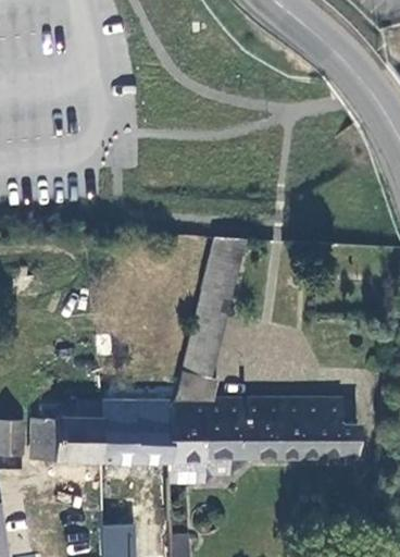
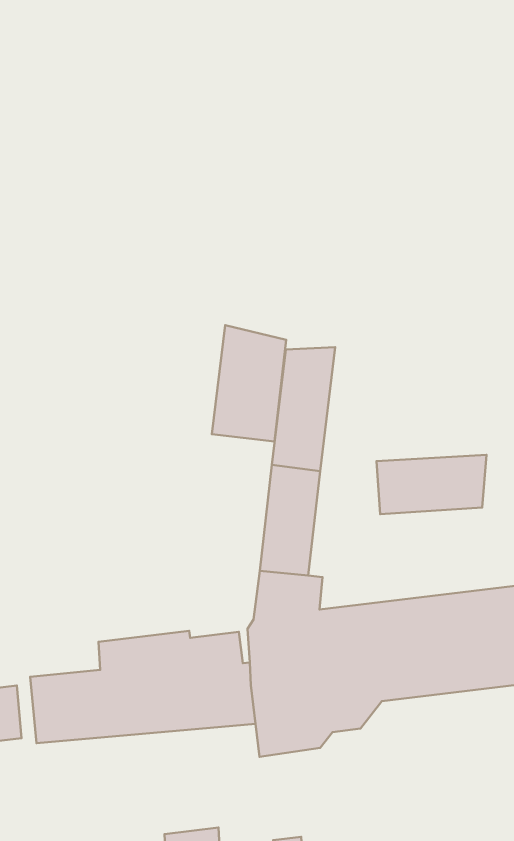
building: none -> [212,325,286,441]
building: none -> [376,455,486,514]

